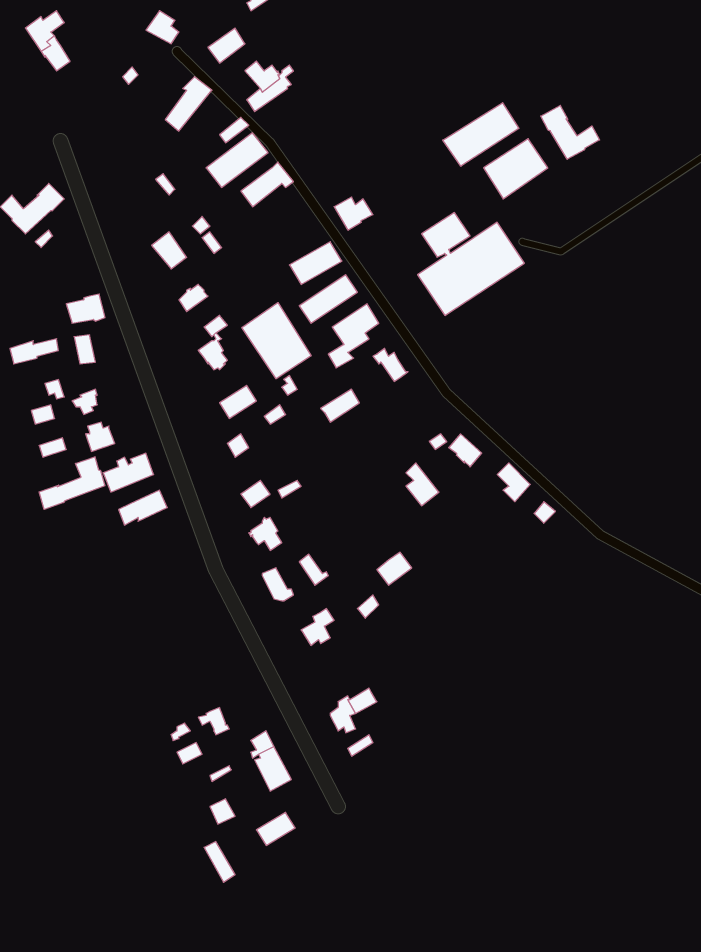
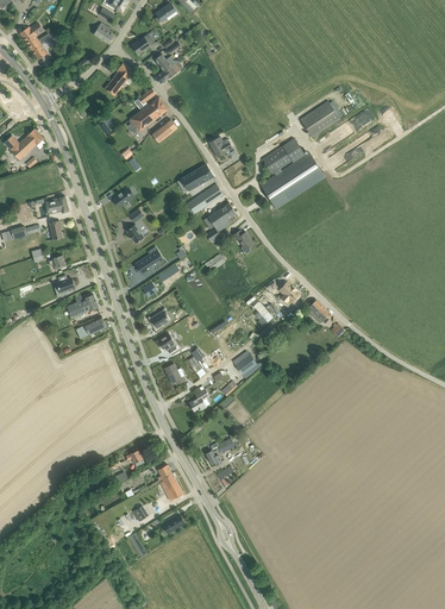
building: [443,103,519,166] -> none
building: [541,105,600,159] -> none
building: [242,303,311,379] -> none
building: [39,457,105,509] -> none

